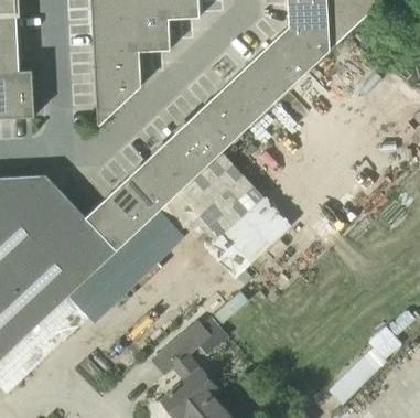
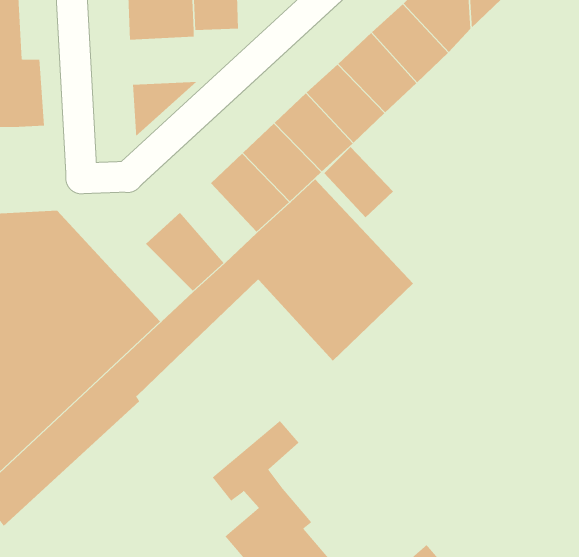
building: [94,55,141,88] -> none
building: none -> [324,146,394,218]
building: [129,157,182,212] -> none
building: [84,199,138,253] -> none

